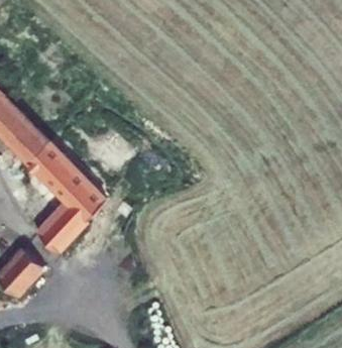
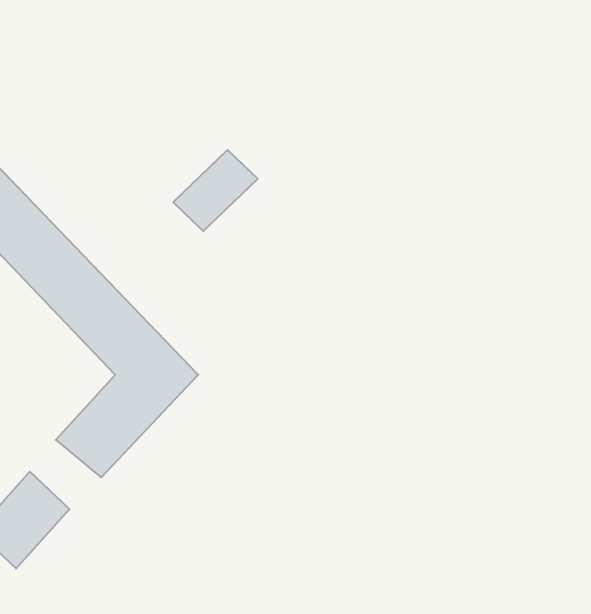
building: none -> [173,150,258,231]

